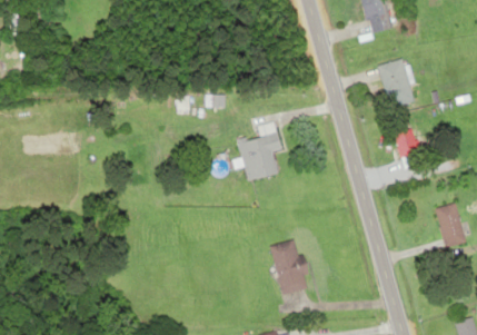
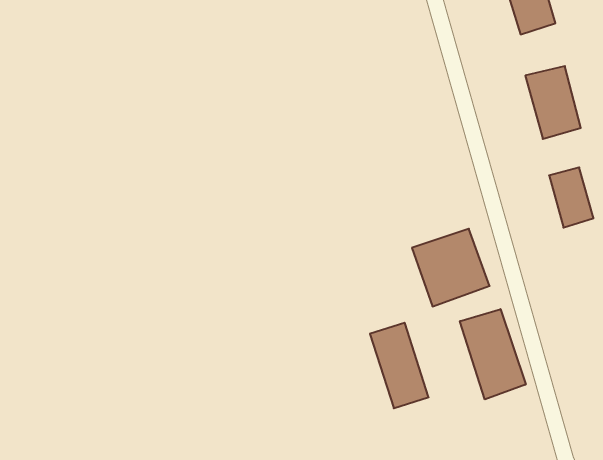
building: [232,129,287,184] -> [412,229,490,306]
building: none -> [460,309,526,399]

